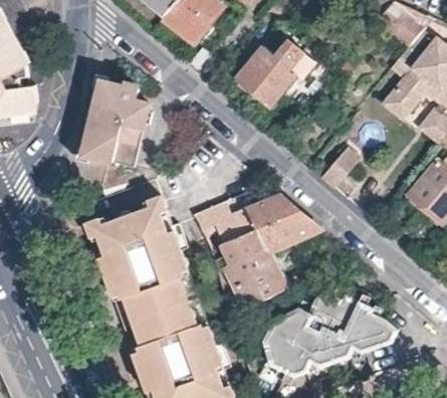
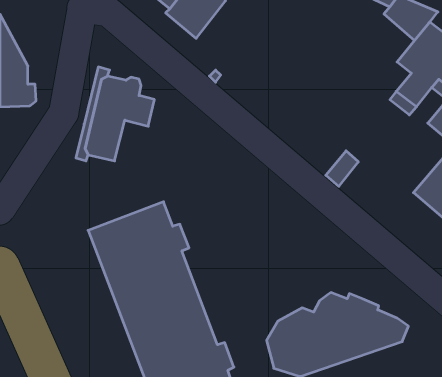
building: [236,40,314,107] -> none
building: [194,196,320,312] -> none

